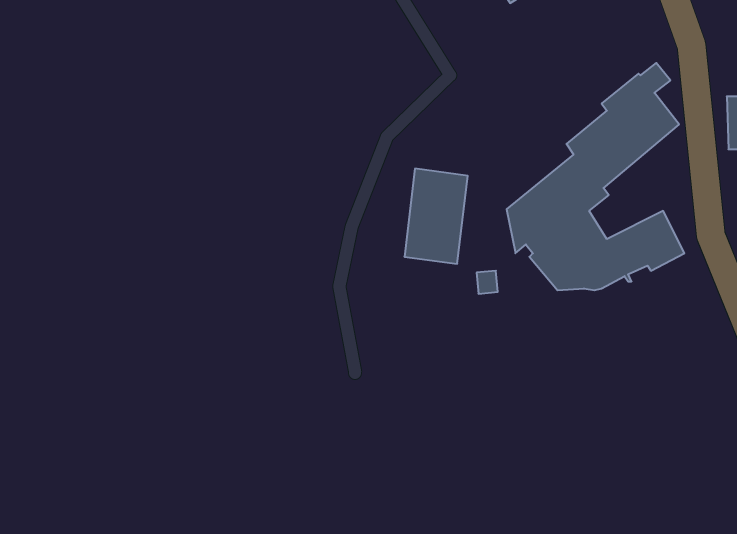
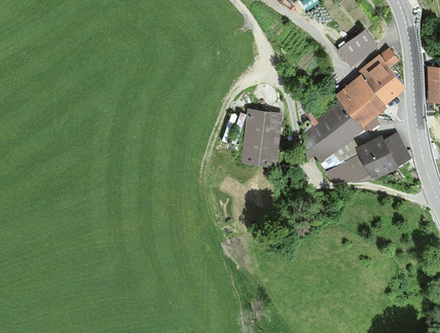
building: none -> [339,29,376,64]

